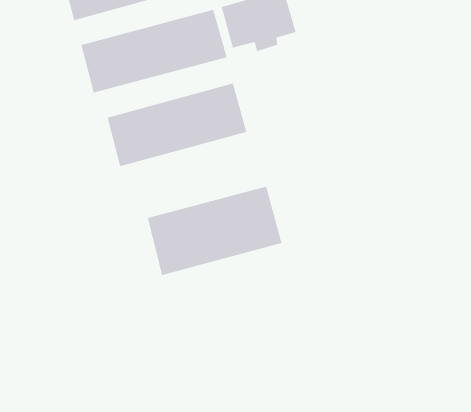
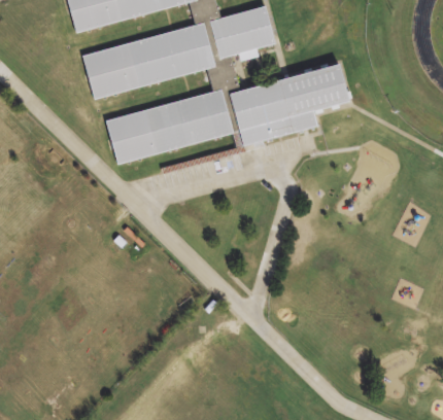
building: none -> [227,65,346,147]
building: [147,186,282,276] -> none

